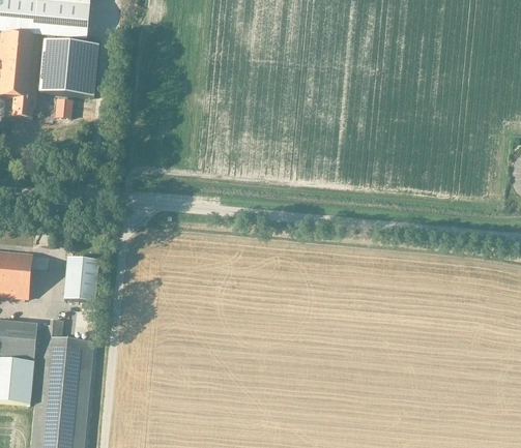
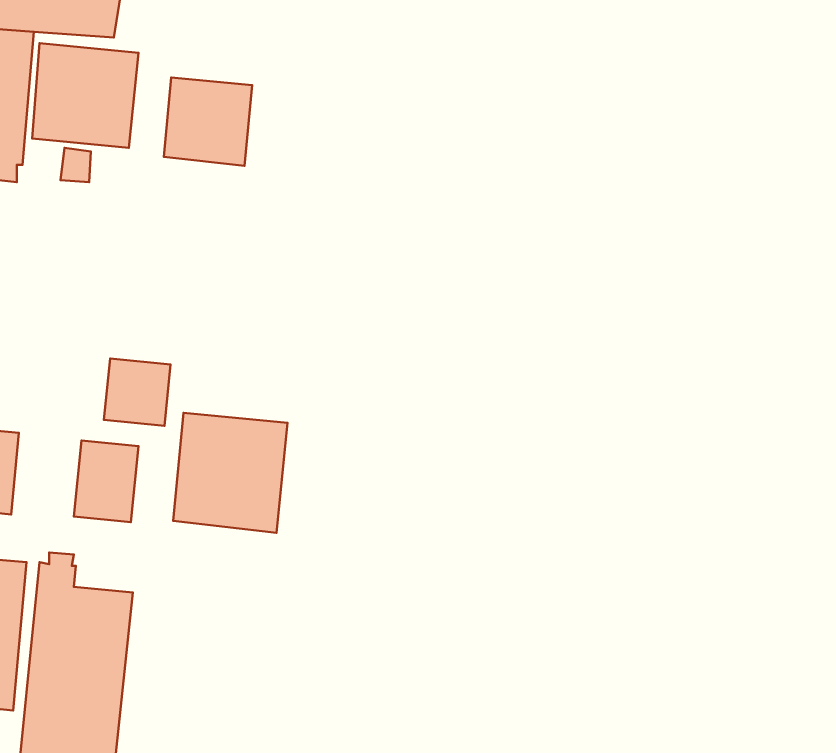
building: none -> [164,78,252,166]
building: none -> [104,358,170,426]
building: none -> [173,413,288,533]

